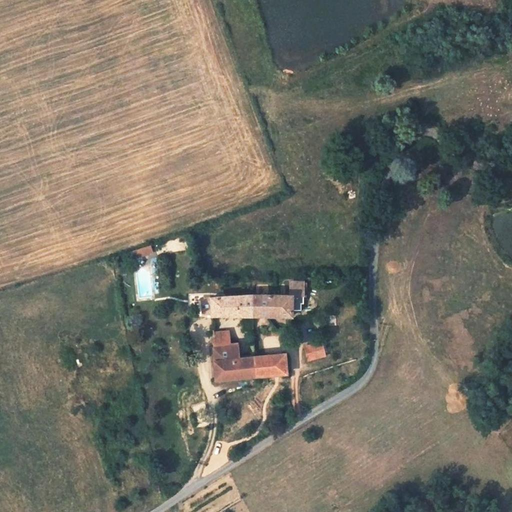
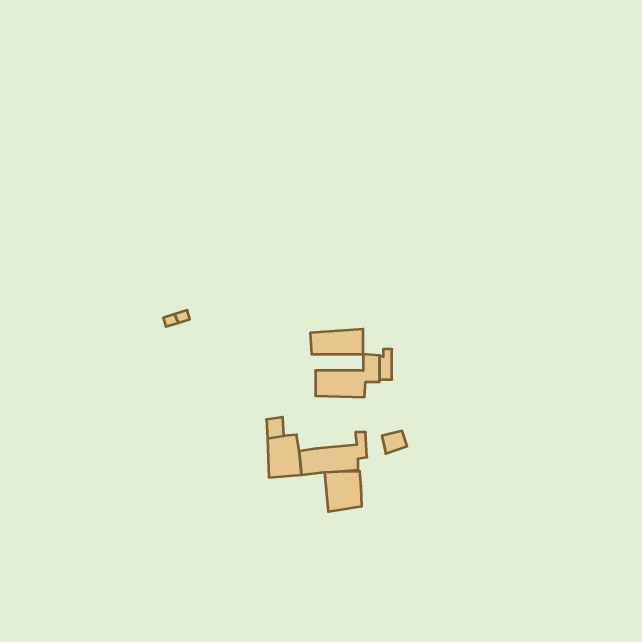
building: [209,295,251,315] -> [310,329,363,354]
building: none -> [325,471,361,512]

